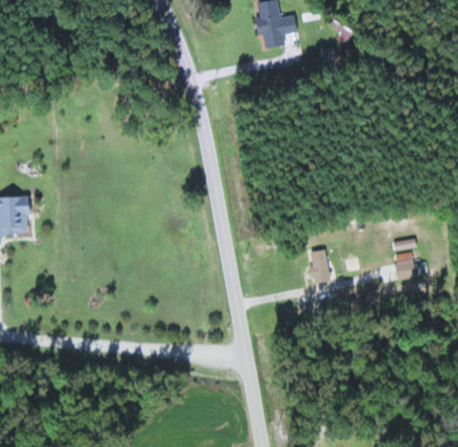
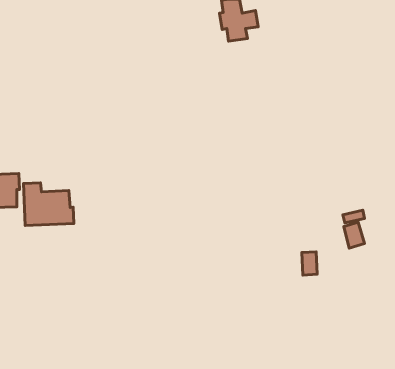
building: none -> [23,183,74,225]
building: [310,252,327,278] -> [302,252,317,275]

